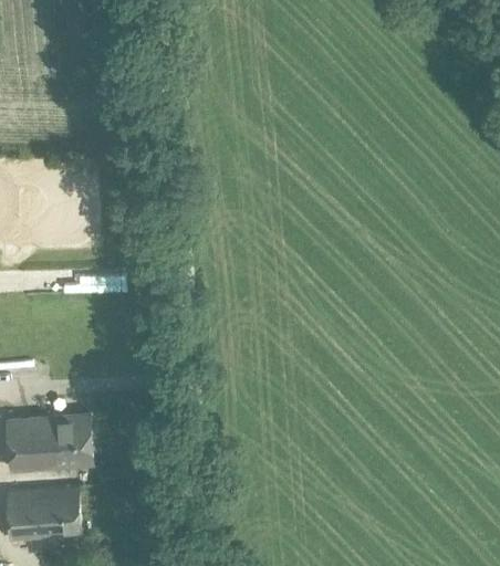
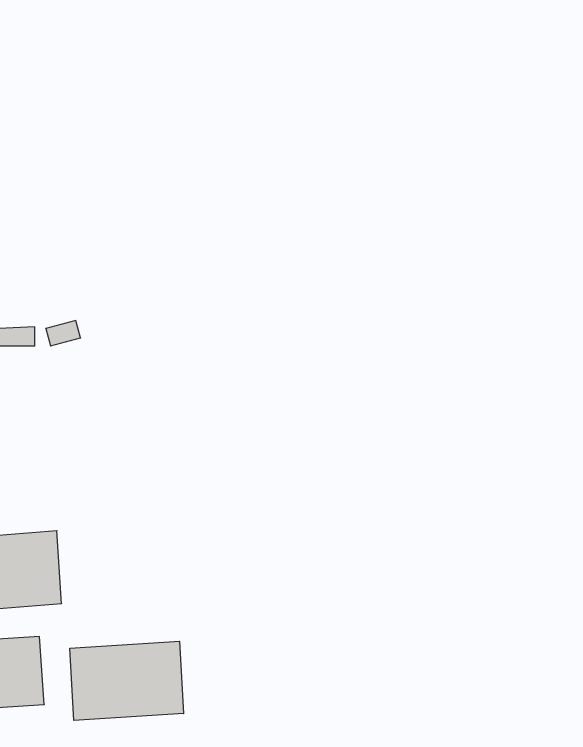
building: none -> [70,641,184,720]

